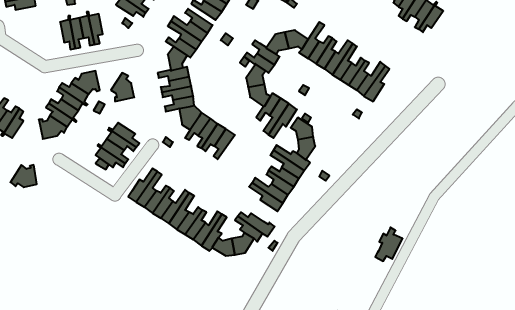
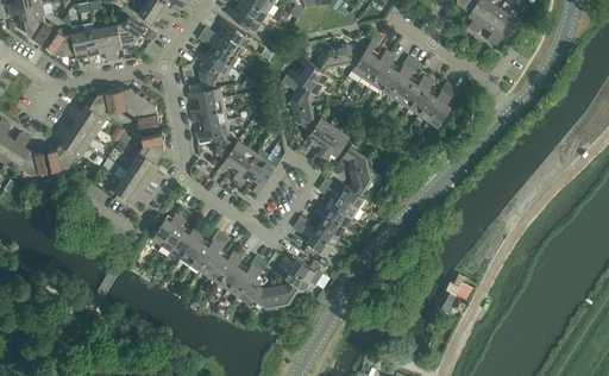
building: none -> [19,15,52,44]
building: none -> [117,15,145,49]
building: none -> [46,29,76,59]
building: none -> [113,89,144,114]
building: none -> [138,134,164,165]
building: [10,165,37,187] -> [15,150,46,176]

